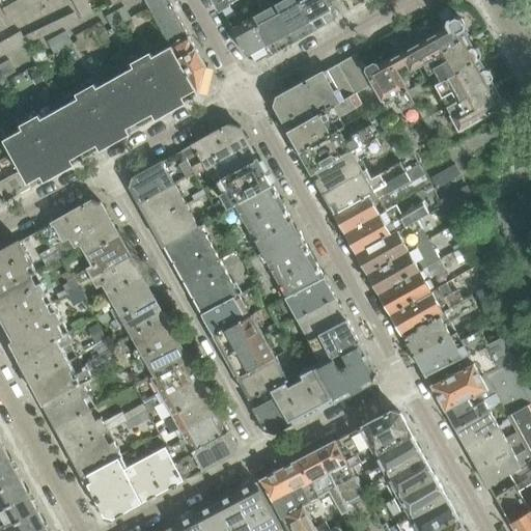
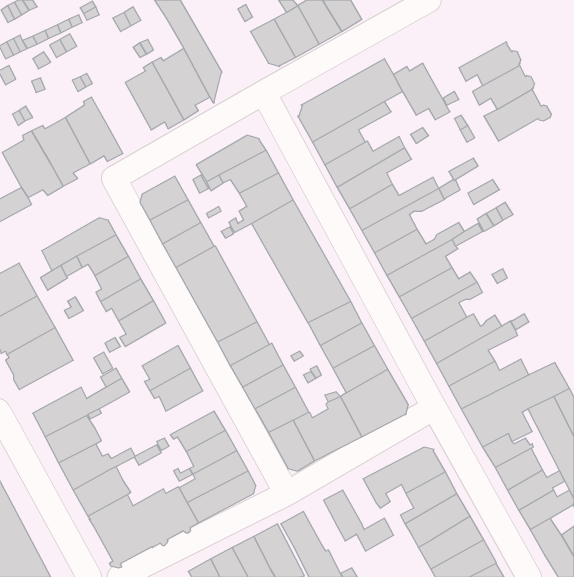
building: [389,18,466,69] -> none
building: [84,76,139,141] -> none
building: [115,297,164,336] -> none
building: [18,331,75,380] -> none
building: [150,359,197,399] -> none
building: [315,440,354,486] -> none
building: [279,459,317,506] -> none

